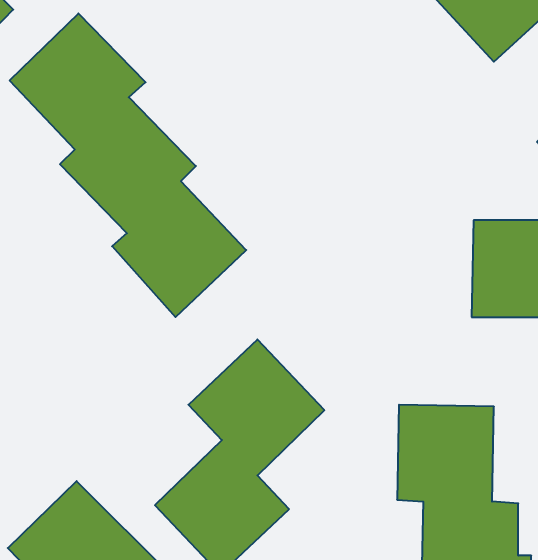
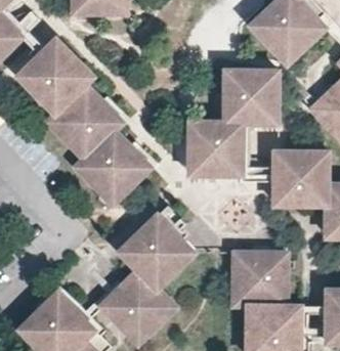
building: none -> [188,70,278,174]

